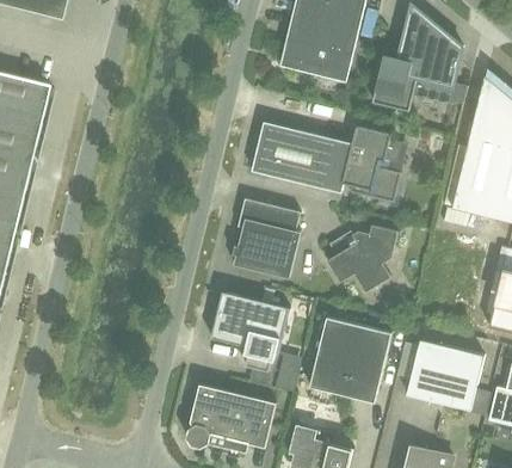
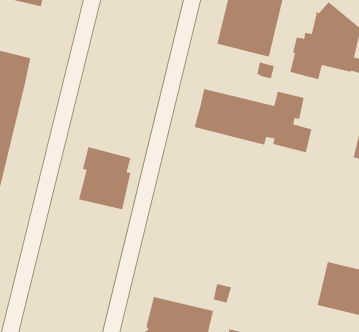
building: [234,197,301,277] -> [78,146,131,210]
building: [327,223,399,291] -> none
building: [211,290,290,370] -> none
building: [310,316,391,401] -> none

